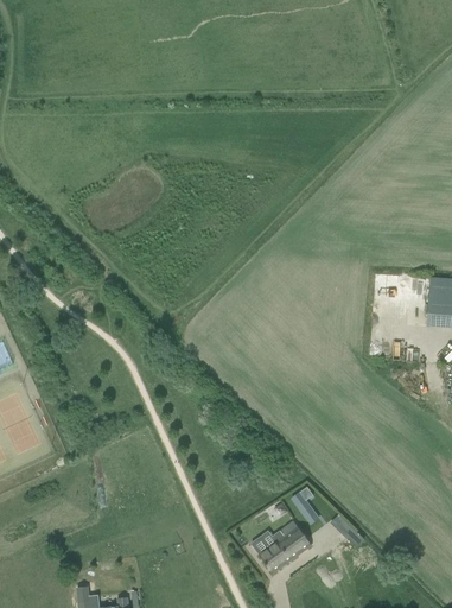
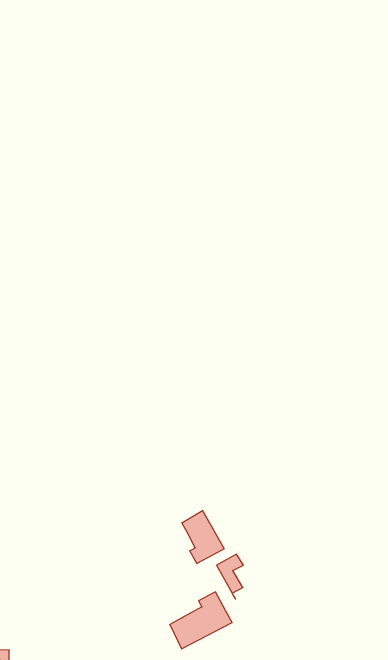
building: none -> [182,510,224,564]

